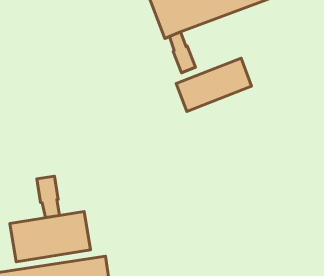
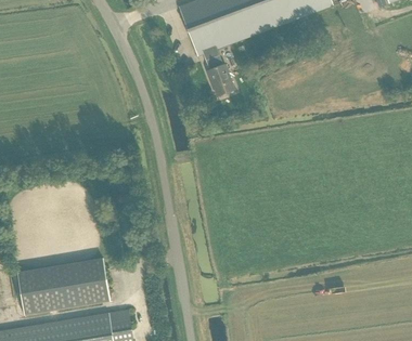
building: [176,58,252,112] -> none
building: [37,176,60,218] -> none

